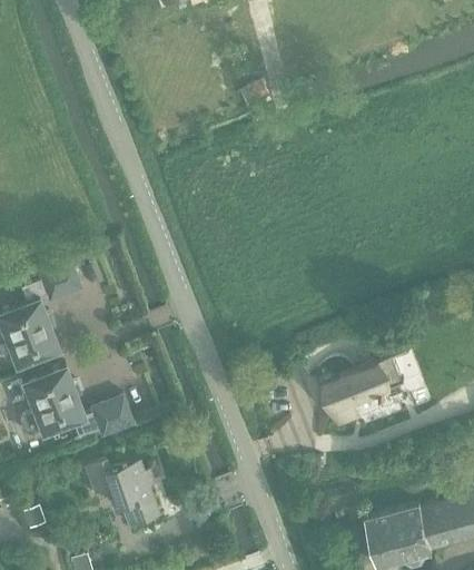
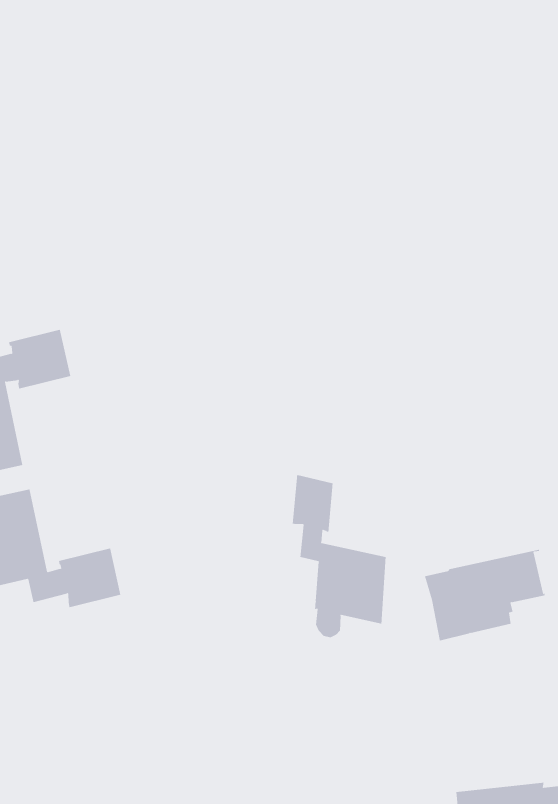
building: none -> [292,474,386,638]
building: [85,460,160,528] -> none

